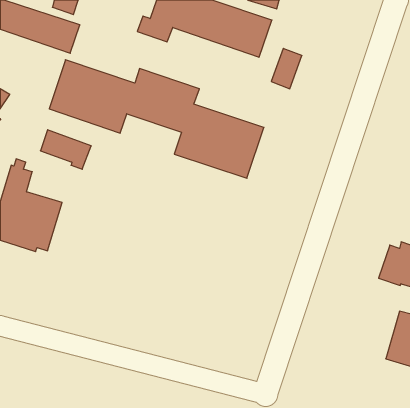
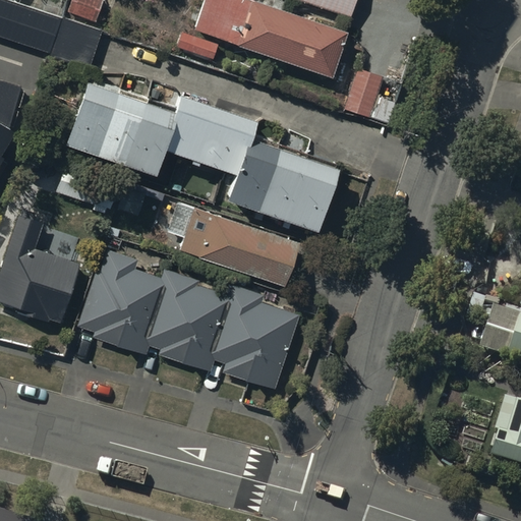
building: none -> [172,199,300,286]
building: none -> [79,253,301,393]

